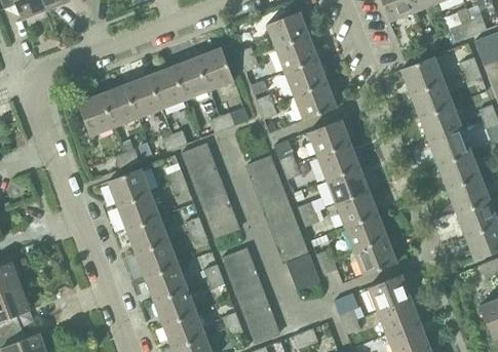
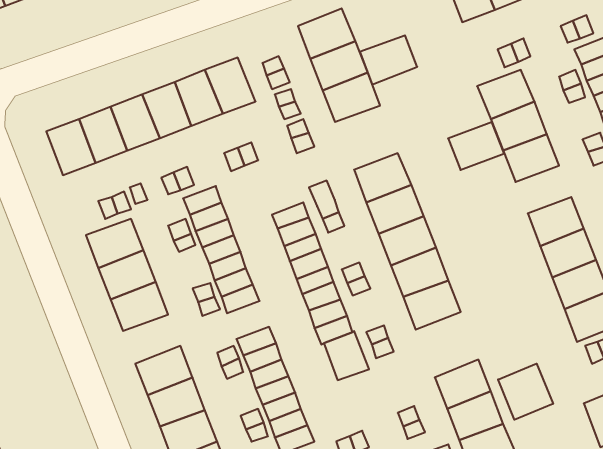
building: [294,83,337,120] -> [360,35,417,85]
building: [429,128,471,164] -> [448,122,504,170]
building: [354,238,397,275] -> none
building: [135,240,178,277] -> none
building: none -> [498,364,553,420]

